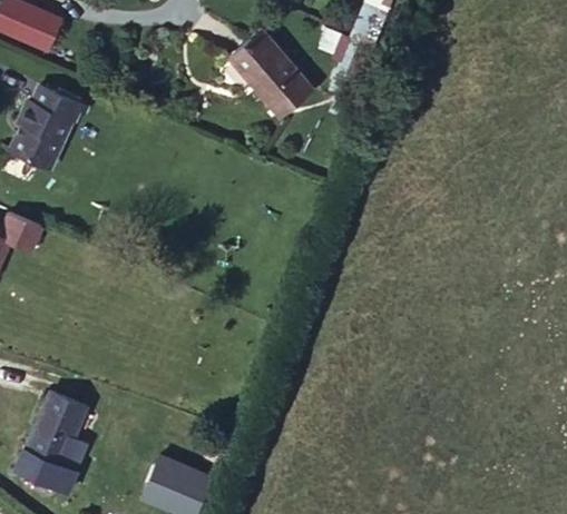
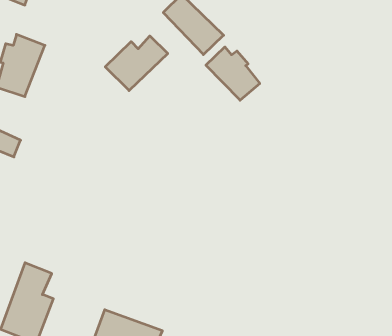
building: none -> [105,36,168,91]
building: none -> [206,47,260,100]

